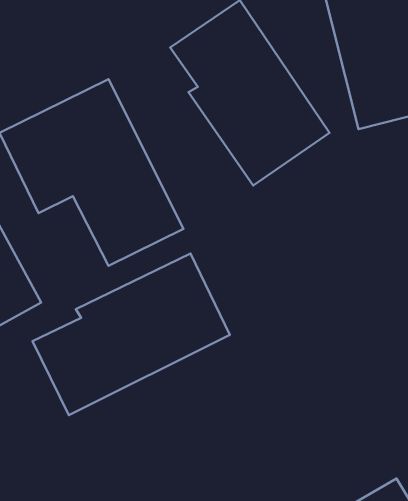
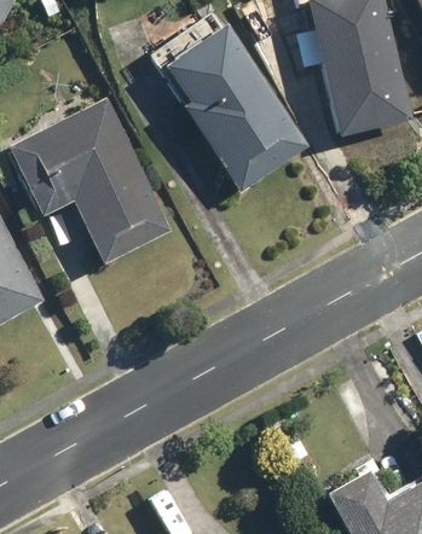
building: [32,253,230,415] -> none

